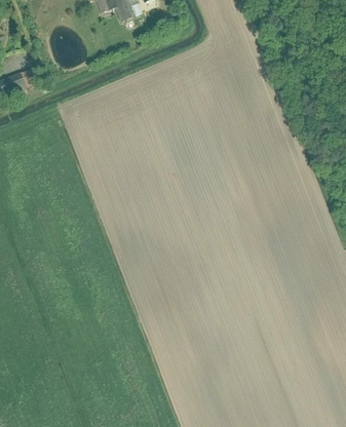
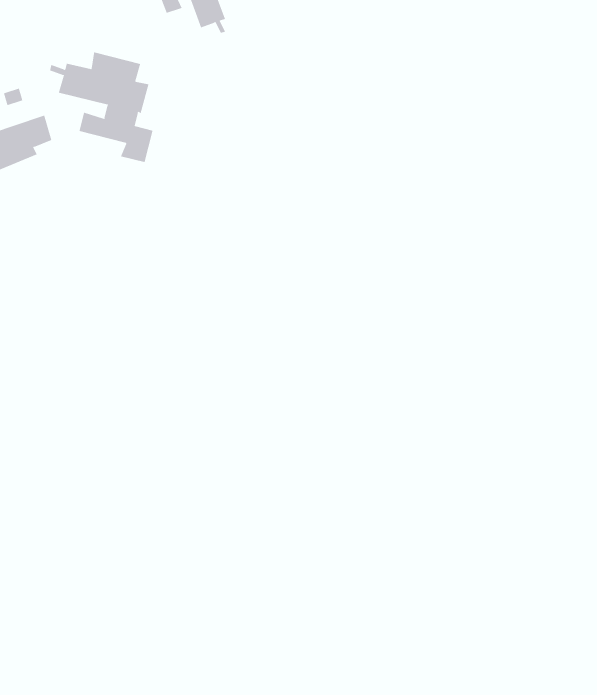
building: none -> [50,51,153,163]

